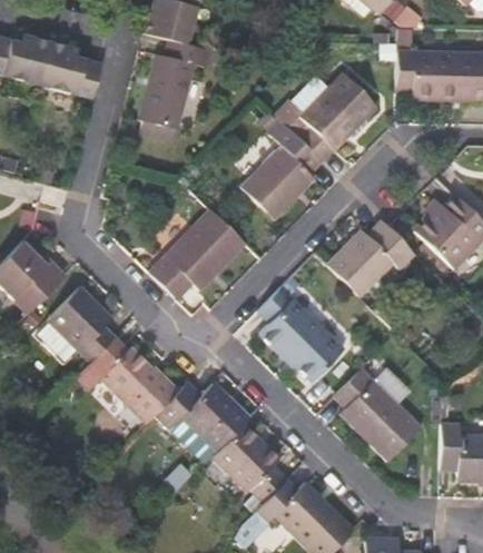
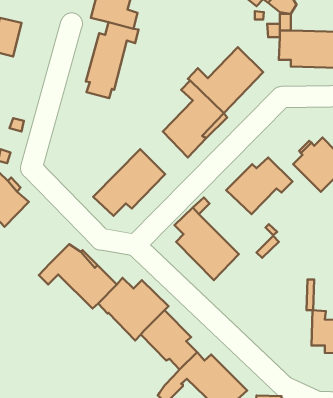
building: [42,41,105,99] -> none
building: [39,286,117,362] -> none
building: [334,369,420,461] -> none

